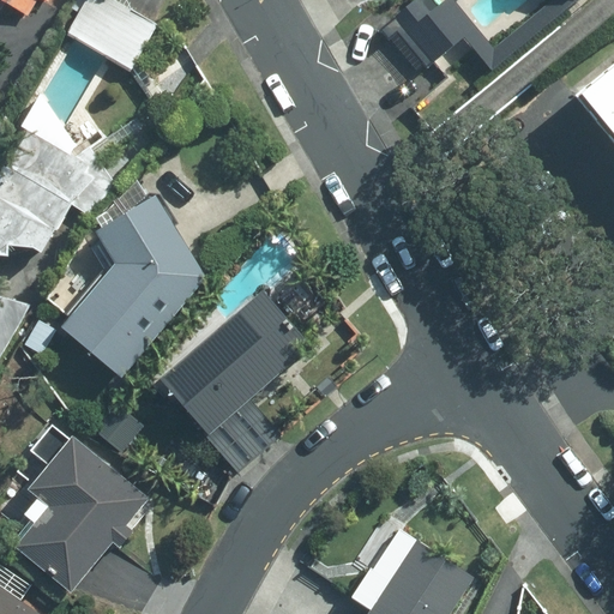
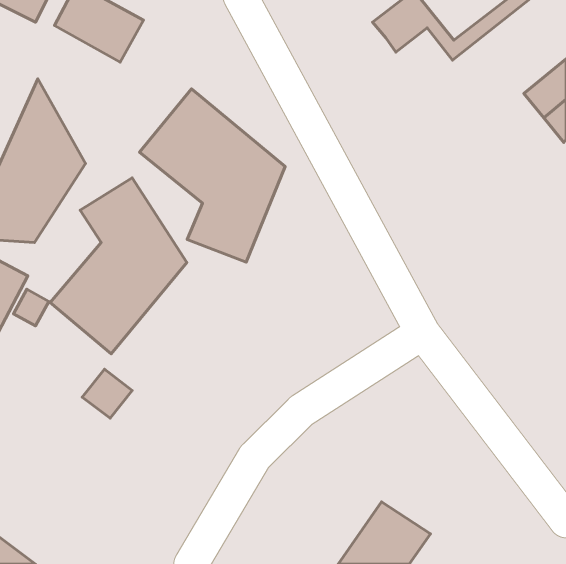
building: none -> [140,89,285,262]
building: [150,290,314,444] -> none
building: [14,429,158,595] -> none

